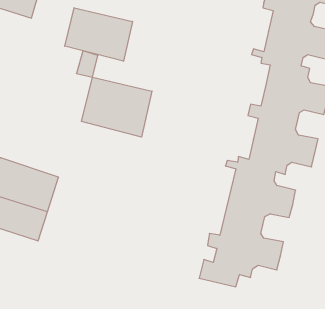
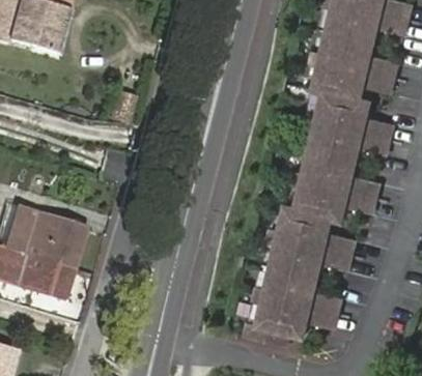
building: [65,8,132,61] -> none
building: [82,77,152,137] -> none

